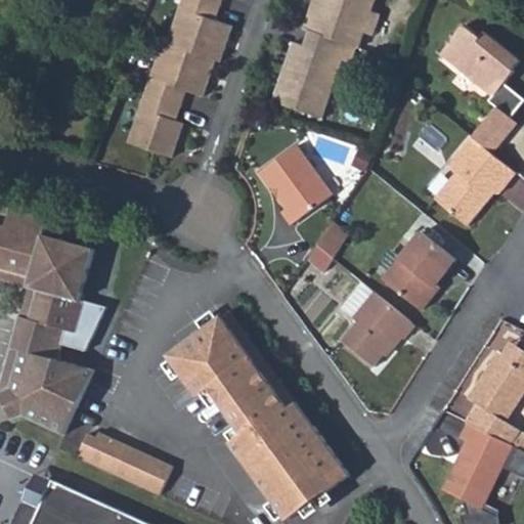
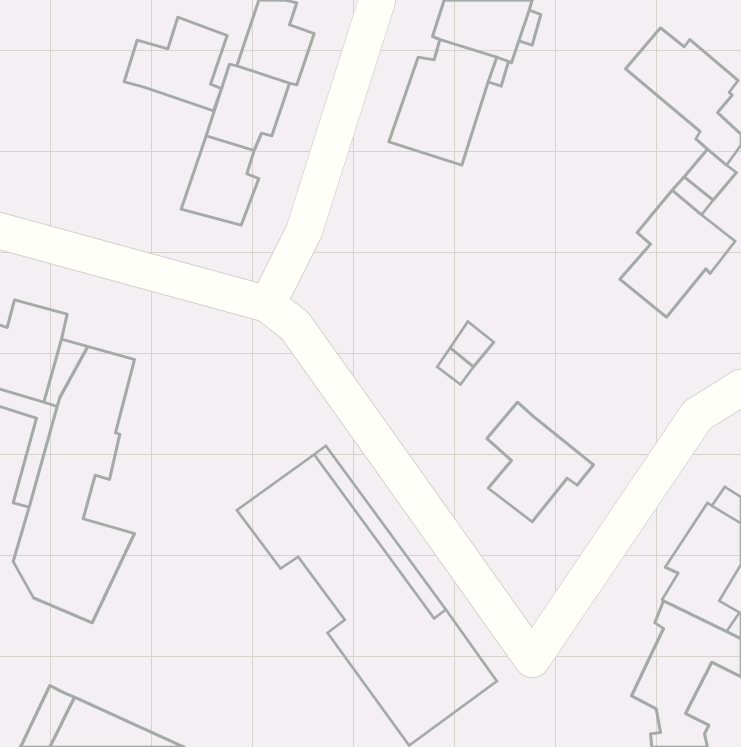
building: none -> [124,17,227,111]
building: [259,143,332,223] -> none
building: [382,232,453,310] -> none
building: [77,434,173,496] -> none

